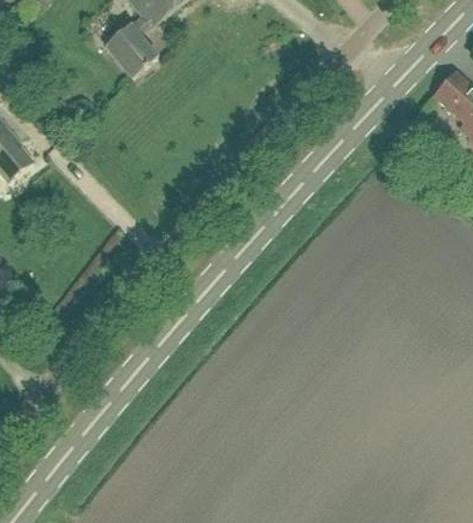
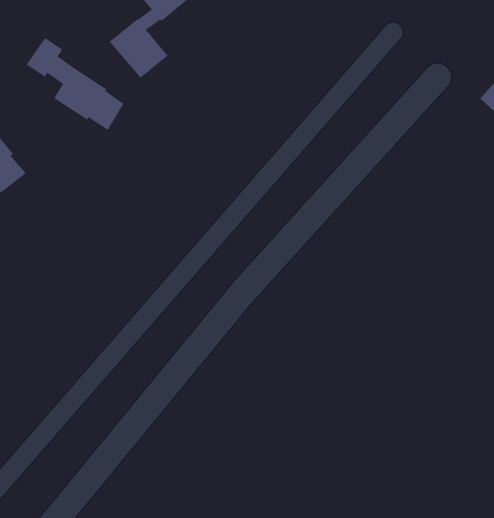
building: none -> [26,37,124,131]

